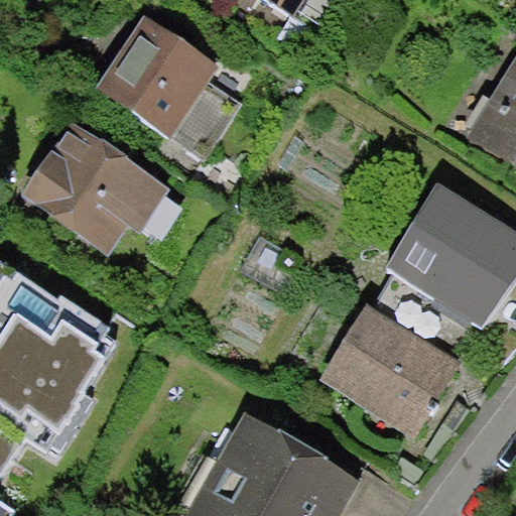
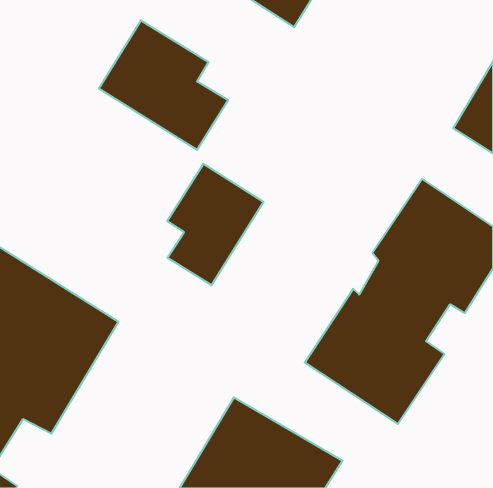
building: [25,125,171,248] -> none
building: none -> [167,164,263,285]

